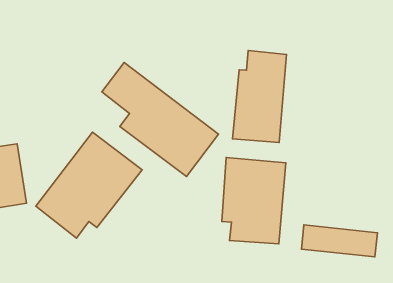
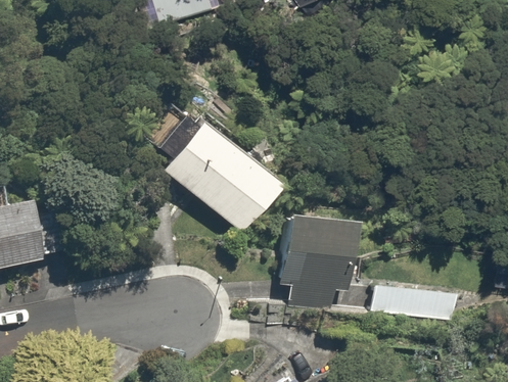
building: [232,51,287,143] -> none
building: [36,132,142,238] -> none

